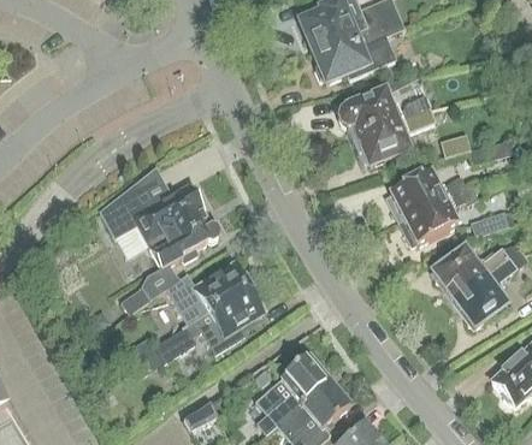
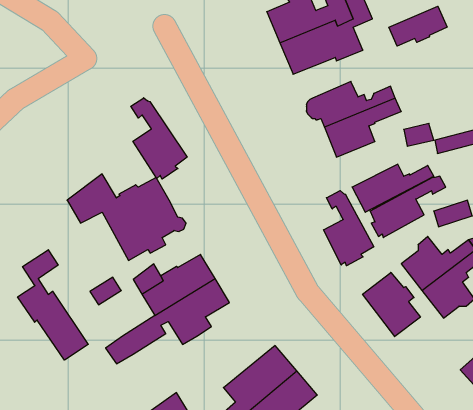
building: none -> [389,6,447,46]
building: none -> [131,98,187,179]
building: none -> [324,191,374,266]
building: none -> [18,250,88,360]
building: none -> [363,272,420,337]

